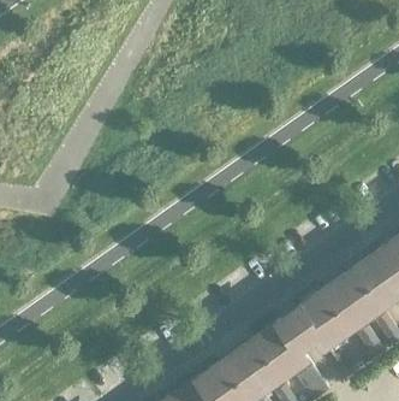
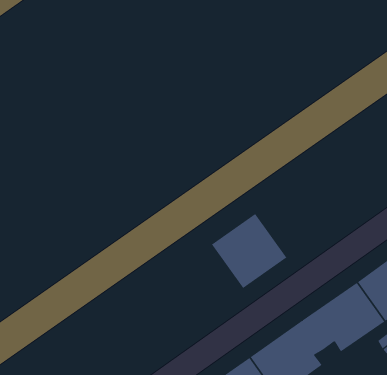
building: none -> [211,213,287,289]

